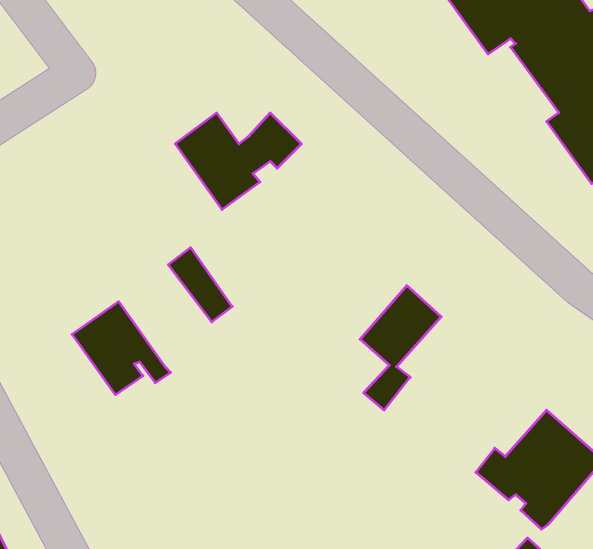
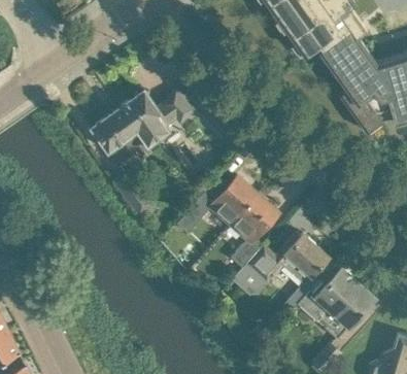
building: none -> [178,176,257,231]
building: [72,302,171,395] -> [91,109,149,165]
building: none -> [227,233,328,311]

